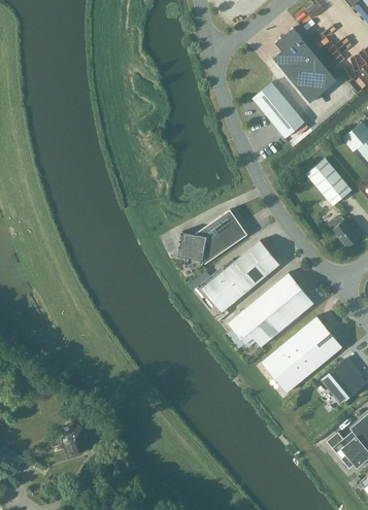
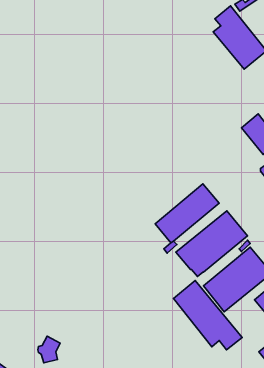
building: [252,82,305,139] -> none
building: [178,210,247,273] -> none
building: none -> [173,281,242,350]

